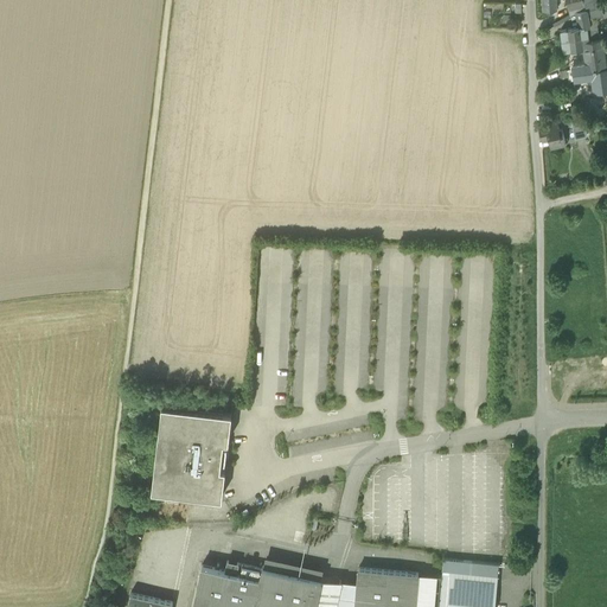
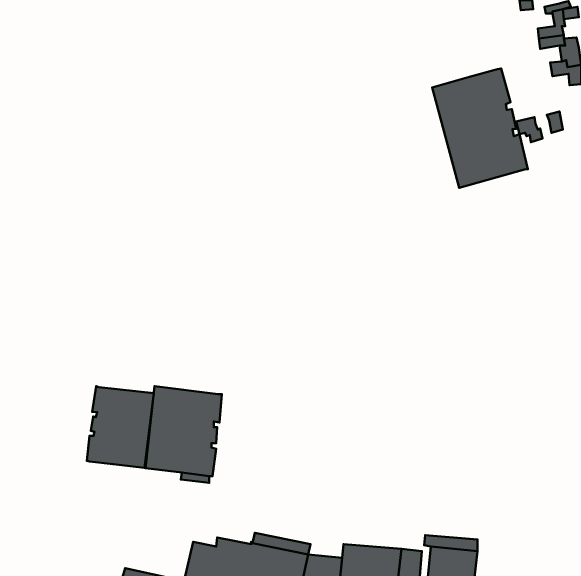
building: none -> [432,69,528,188]
building: none -> [87,386,154,468]

